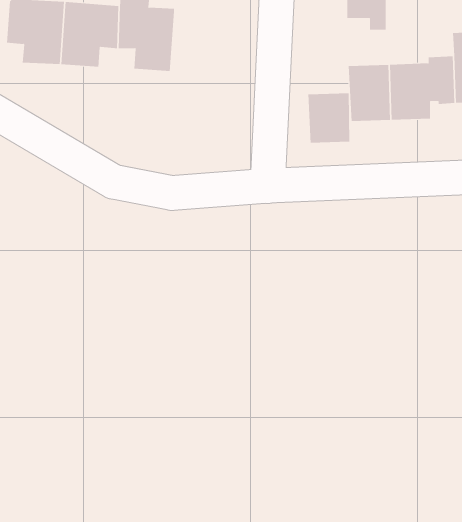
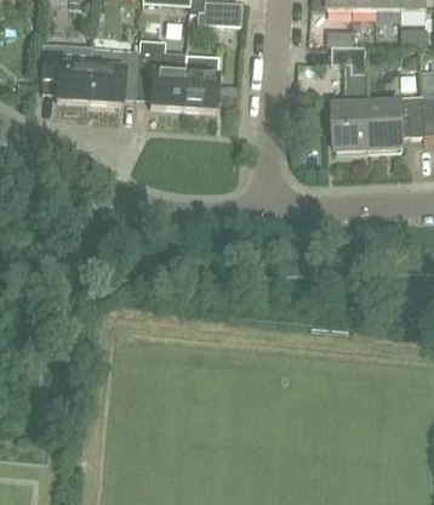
building: none -> [182,55,218,109]
building: [308,92,350,144] -> none

